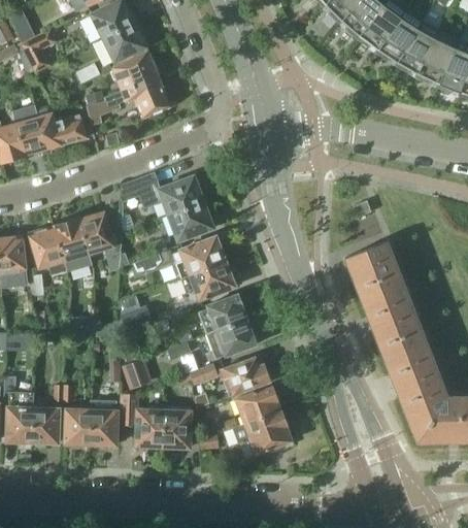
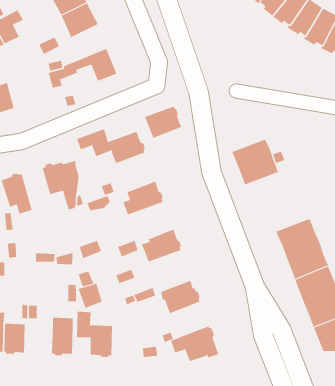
building: [112,50,157,90] -> none
building: [37,112,86,147] -> none
building: [167,201,212,240] -> [144,106,182,138]
building: [54,218,88,270] -> none
building: [344,240,401,296] -> [232,139,279,185]
building: [181,261,234,299] -> none
building: [206,319,256,358] -> none
building: [235,385,279,423] -> none
building: [65,408,91,446] -> none
building: [163,409,191,449] -> none

